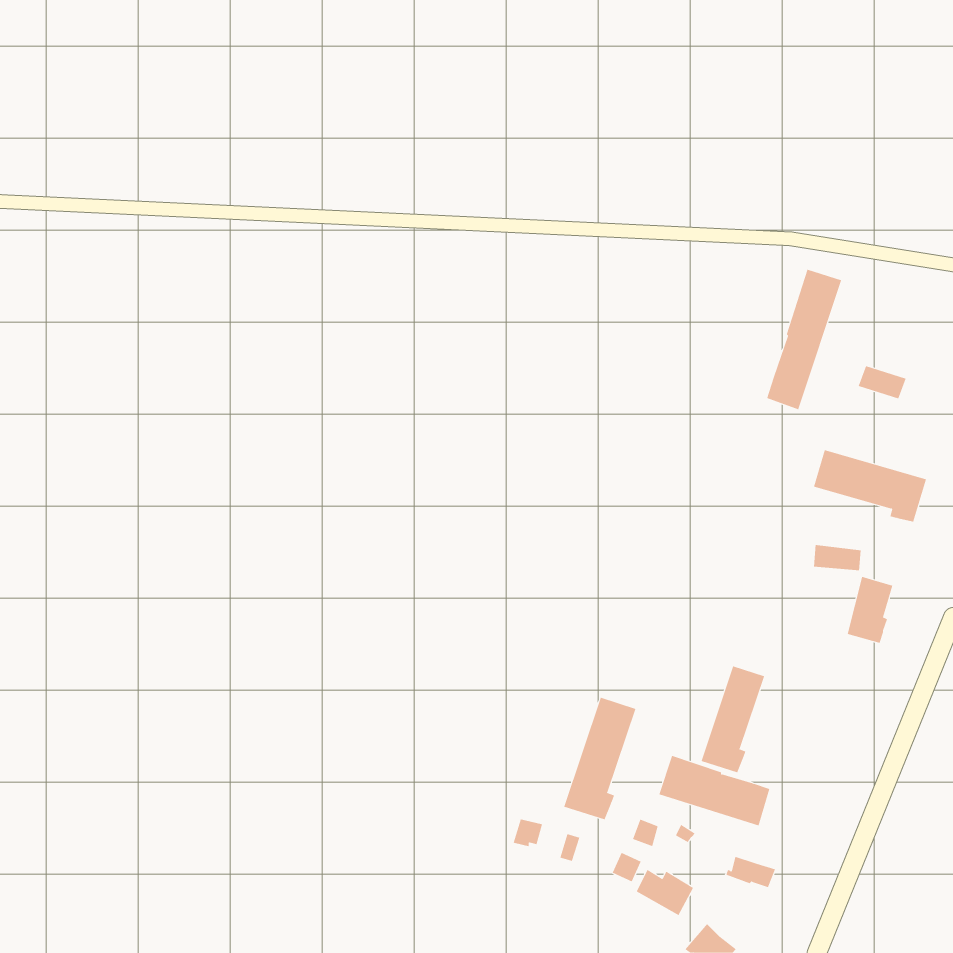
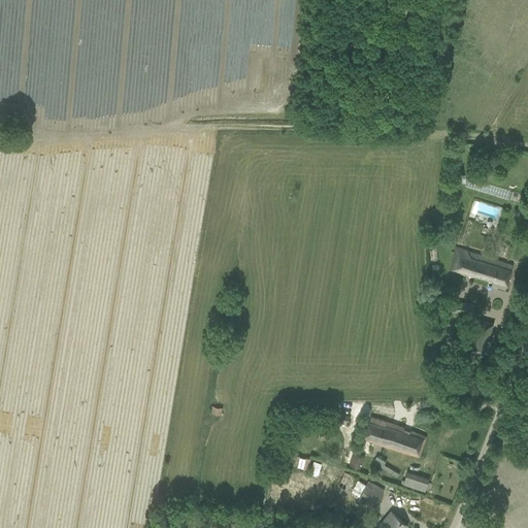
building: [766,269,842,410] -> none
building: [701,666,765,773] -> none
building: [564,697,636,820] -> none

